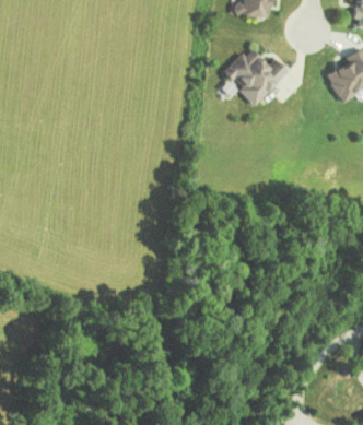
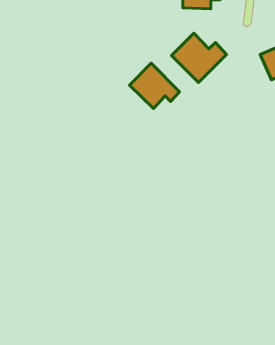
building: none -> [129,63,180,109]

